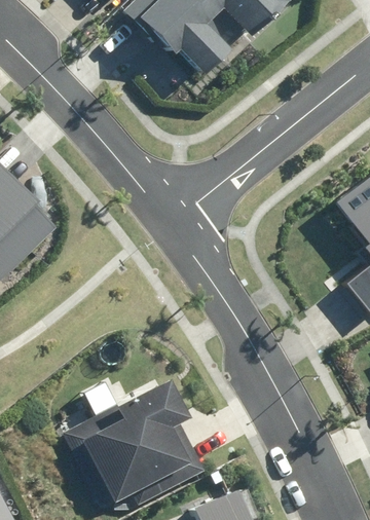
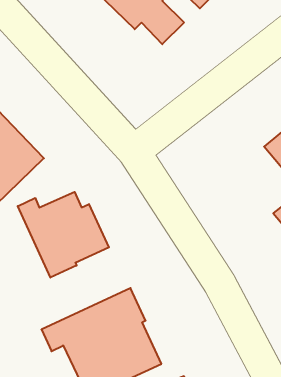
building: none -> [18,192,109,278]

